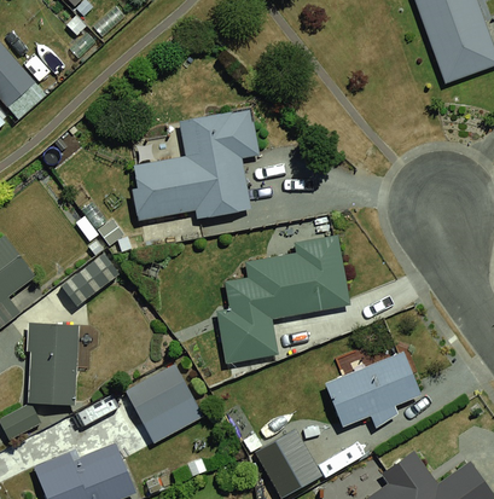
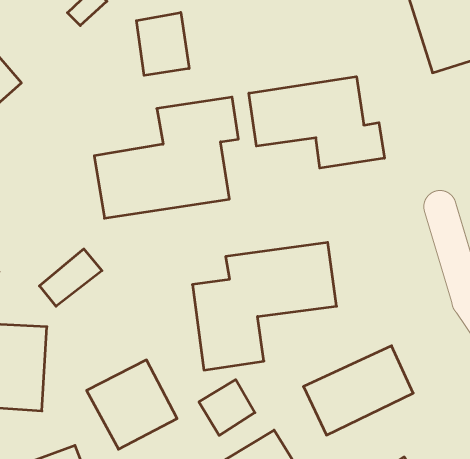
building: none -> [136,12,189,75]
building: none -> [249,77,384,168]
building: none -> [199,380,255,435]

